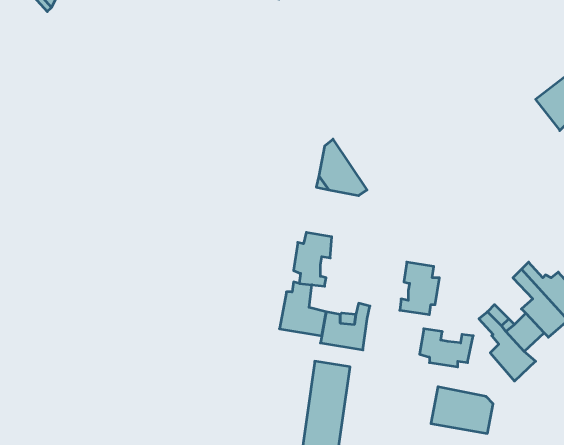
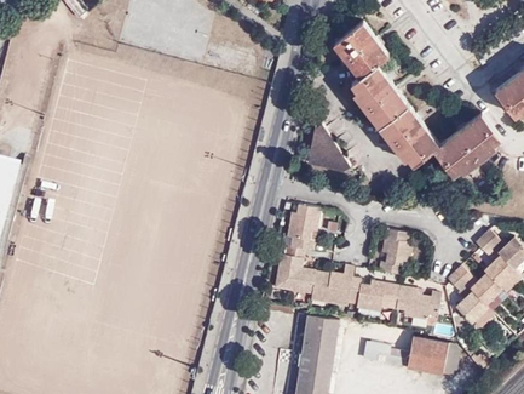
building: none -> [335,22,501,176]
building: none -> [347,279,399,312]

